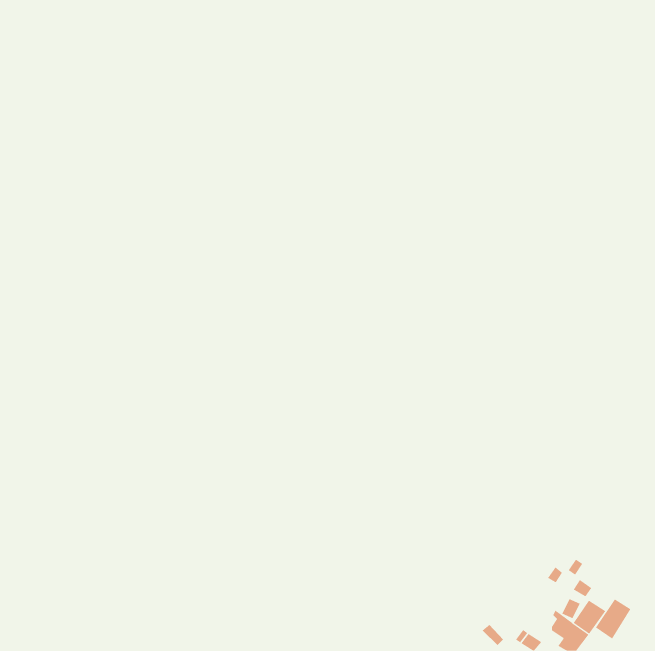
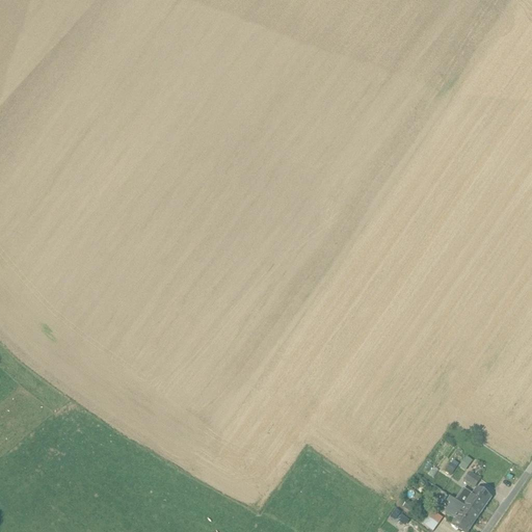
building: [595,599,631,639] -> none

